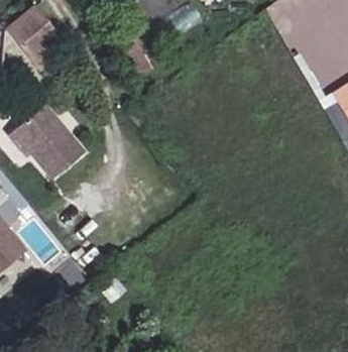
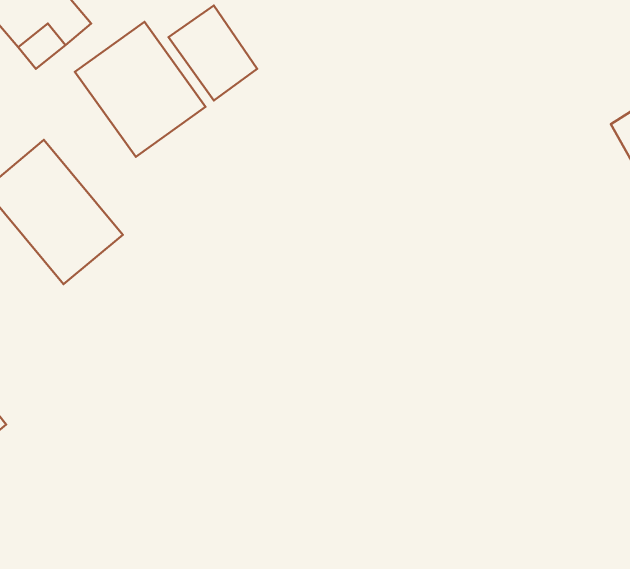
building: none -> [75,22,206,157]

